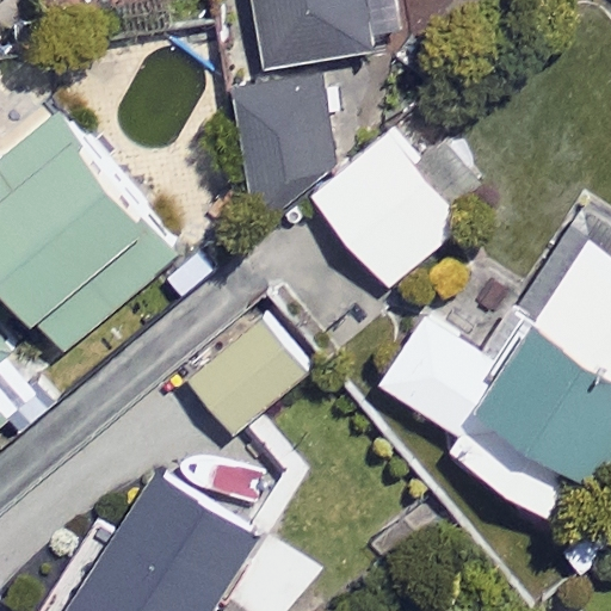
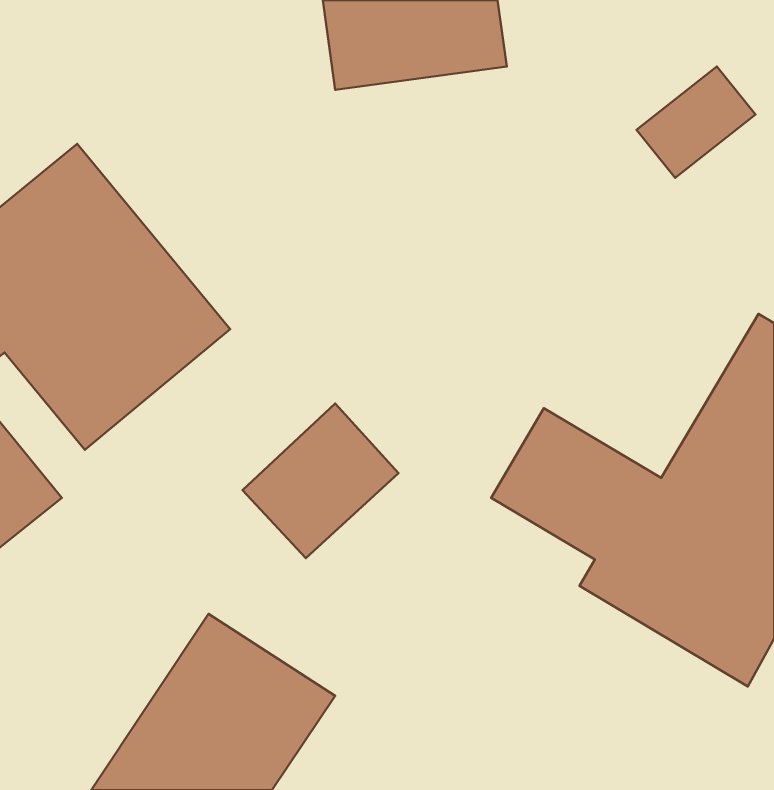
building: [228,72,329,210] -> none
building: [310,130,463,286] -> none

